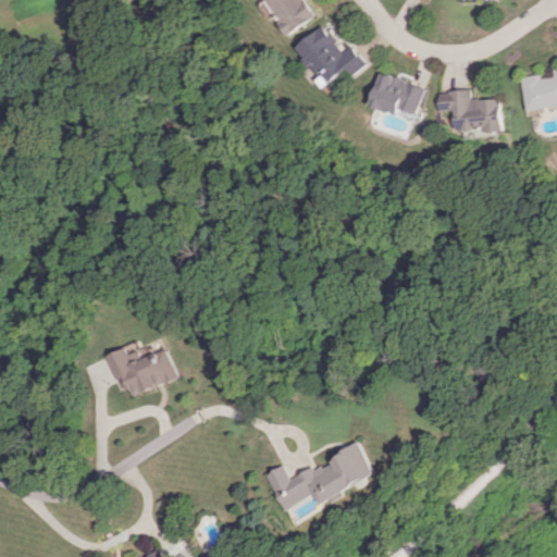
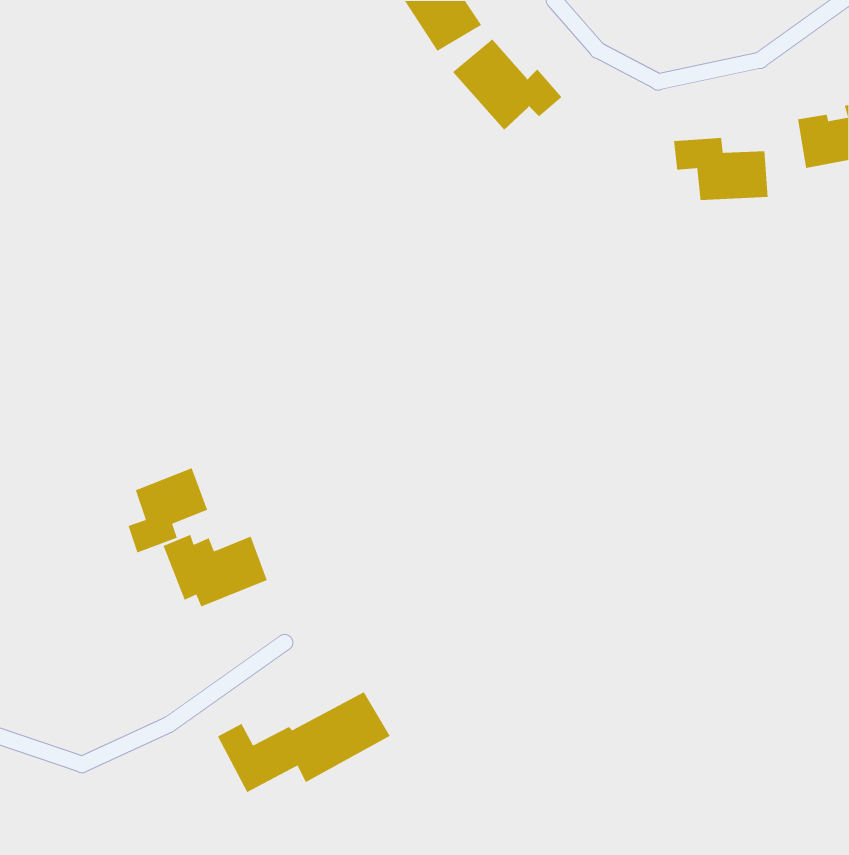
building: [369,72,424,120] -> none
building: none -> [128,467,208,553]
building: [264,444,377,510] -> [217,691,391,793]

